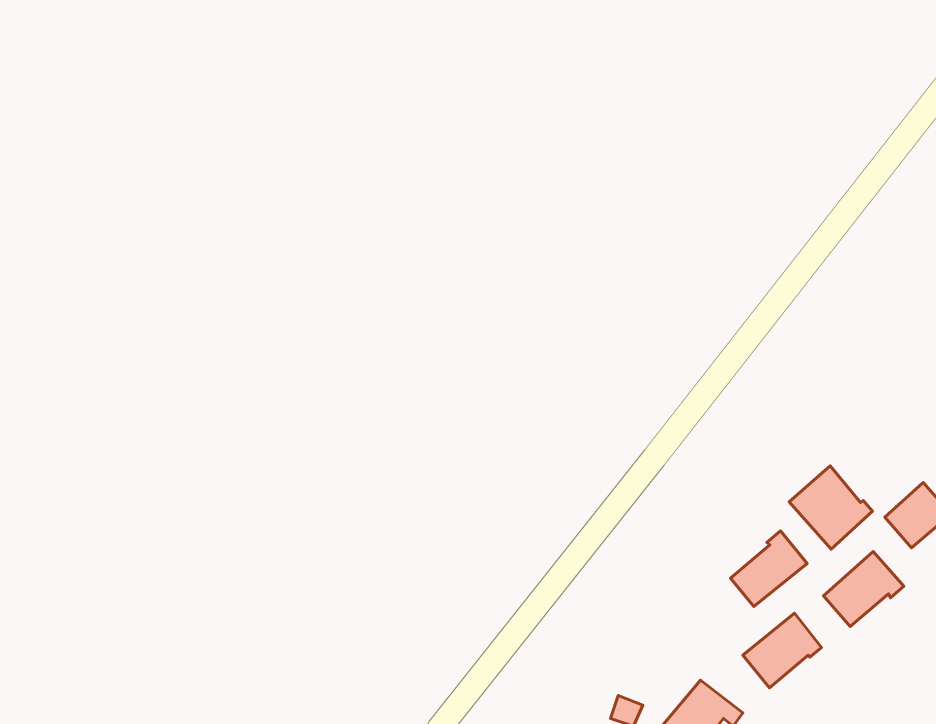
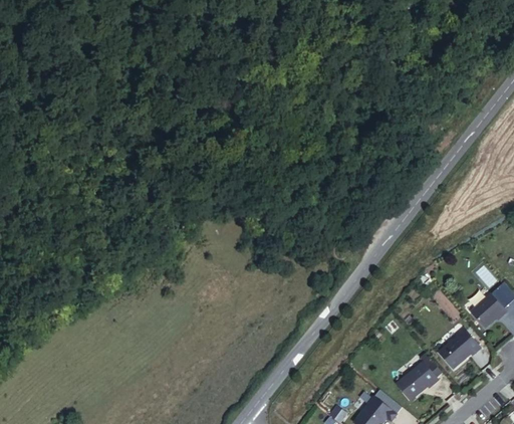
building: [789,466,873,549] -> none
building: [730,531,807,607] -> none

